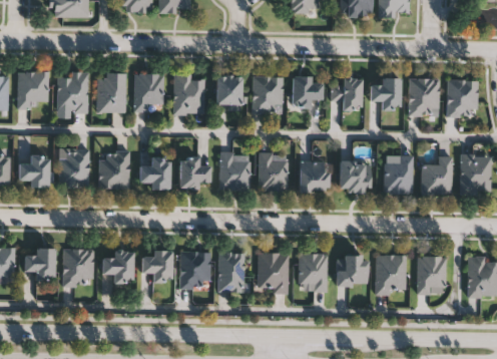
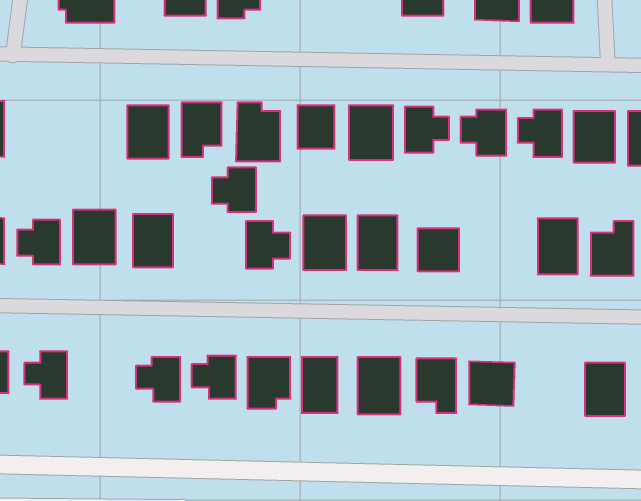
building: [18,71,48,109] -> none
building: [57,71,87,111] -> none
building: [139,157,170,189] -> [212,168,256,212]
building: [340,161,370,193] -> none
building: [63,248,93,285] -> none
building: [375,255,406,293] -> none

